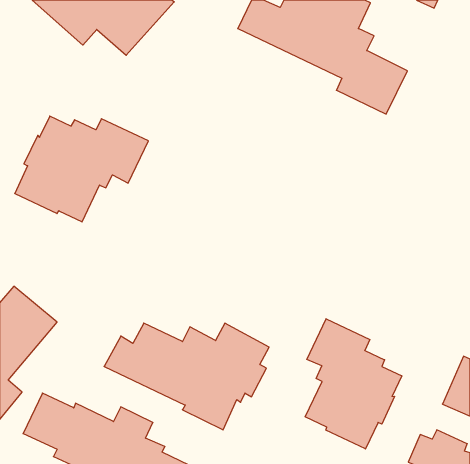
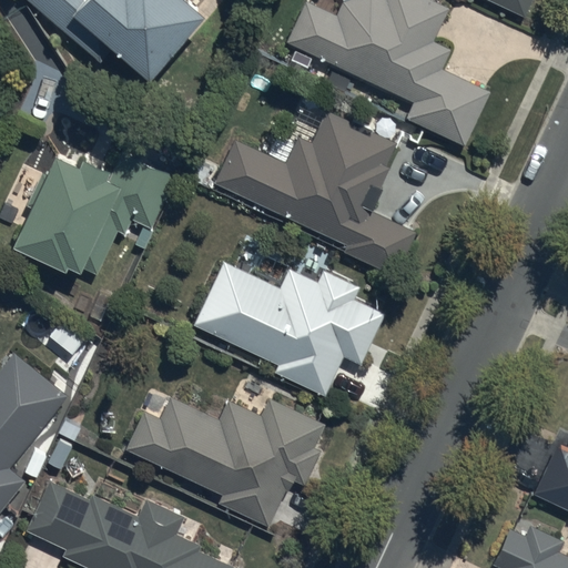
building: none -> [216,111,416,278]
building: none -> [193,263,385,398]
building: [305,319,402,449] -> none

